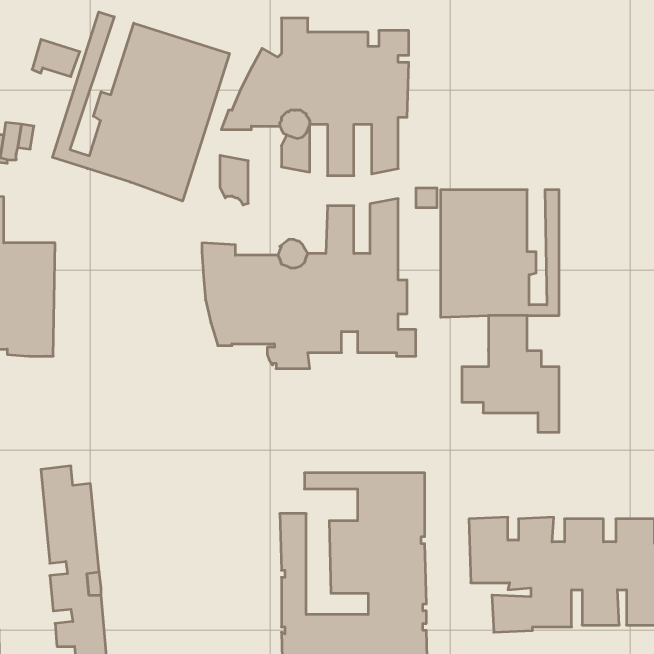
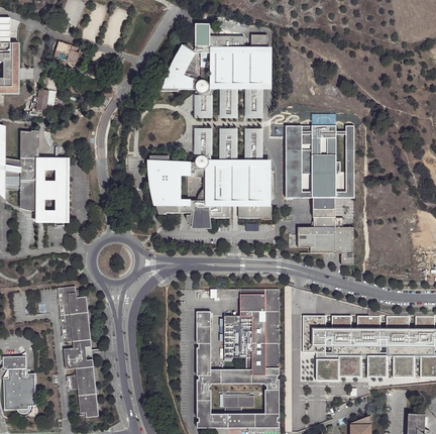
building: [52,12,229,201] -> none
building: [220,155,248,205] -> [196,132,212,160]

